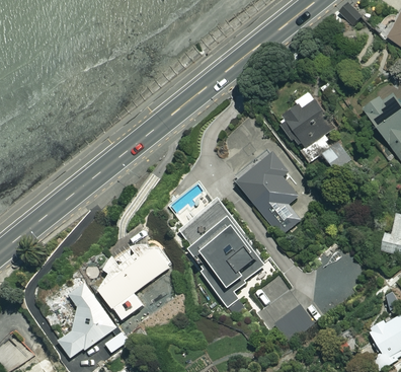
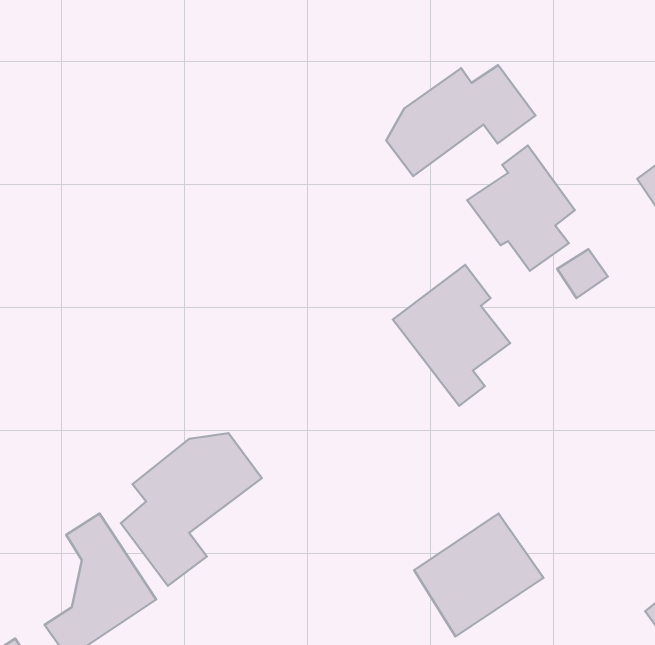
building: none -> [386,65,535,176]
building: [179,202,269,304] -> none

